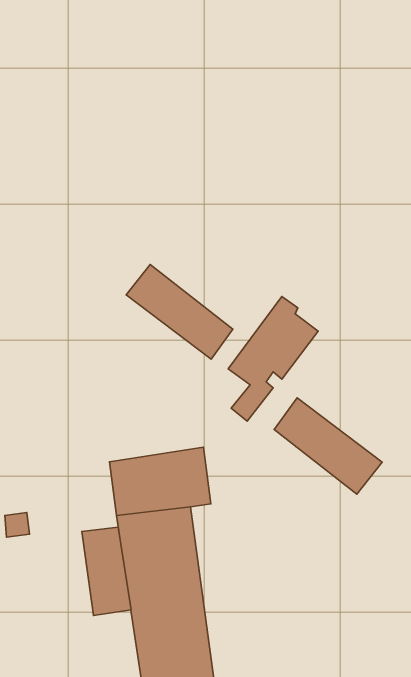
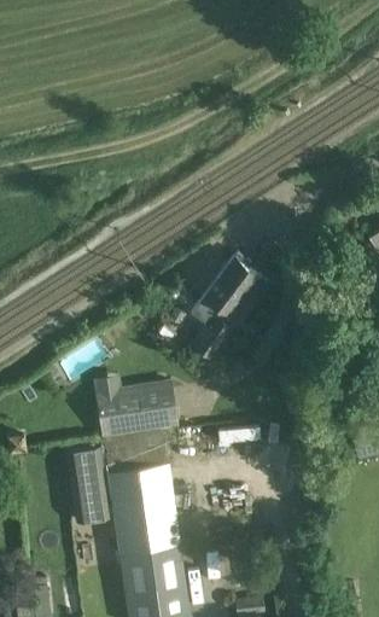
building: [126,265,233,359] -> none
building: [274,398,382,494] -> none

